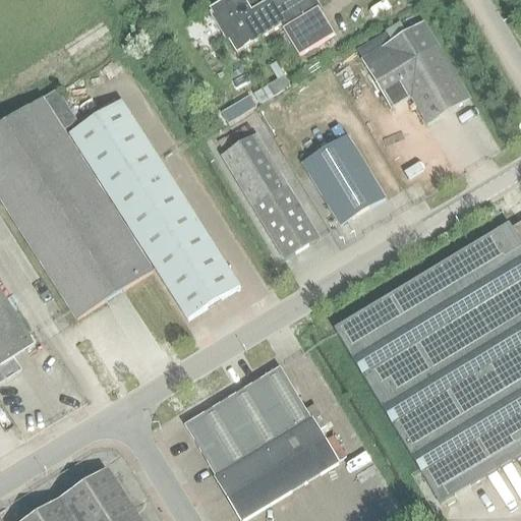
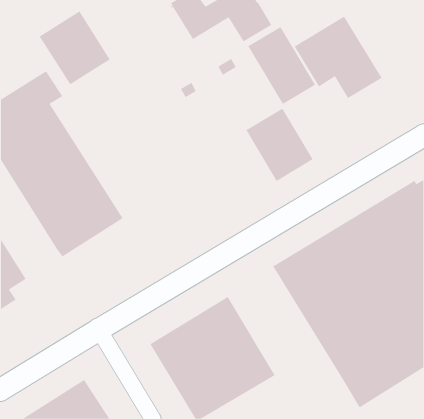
building: none -> [39,11,111,85]
building: none -> [248,26,316,105]
building: [69,100,236,316] -> none
building: [221,131,320,257] -> none

